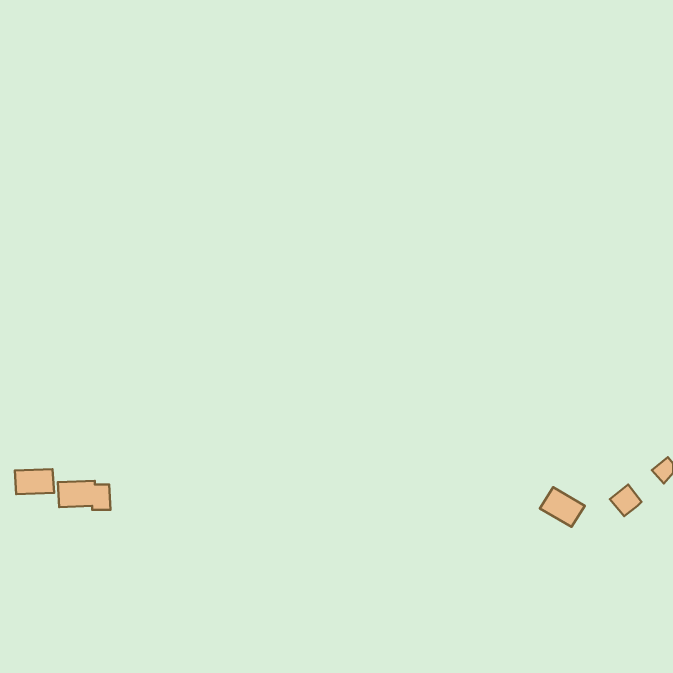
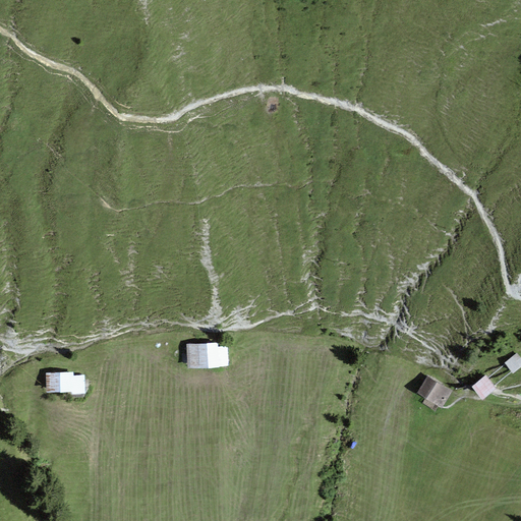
building: none -> [186,342,229,368]
building: [15,469,54,494] -> none

